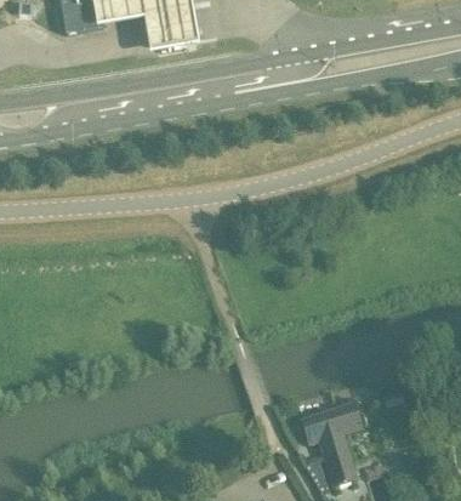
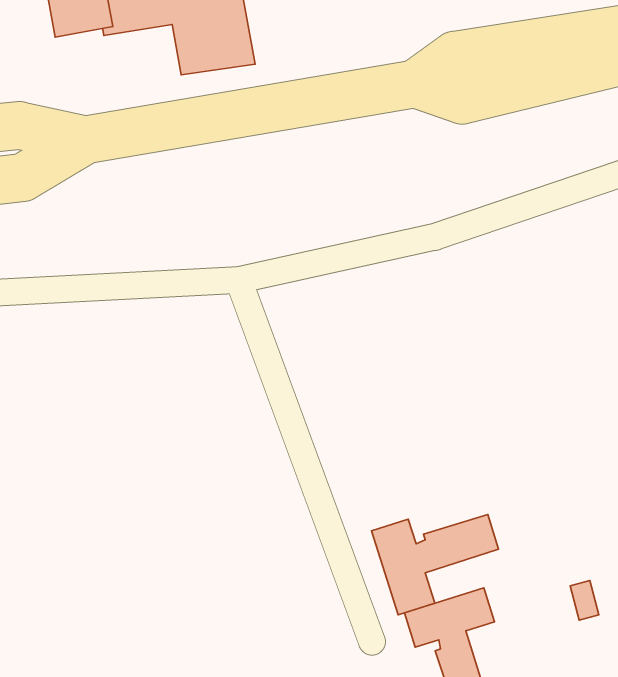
building: none -> [372,515,498,615]

